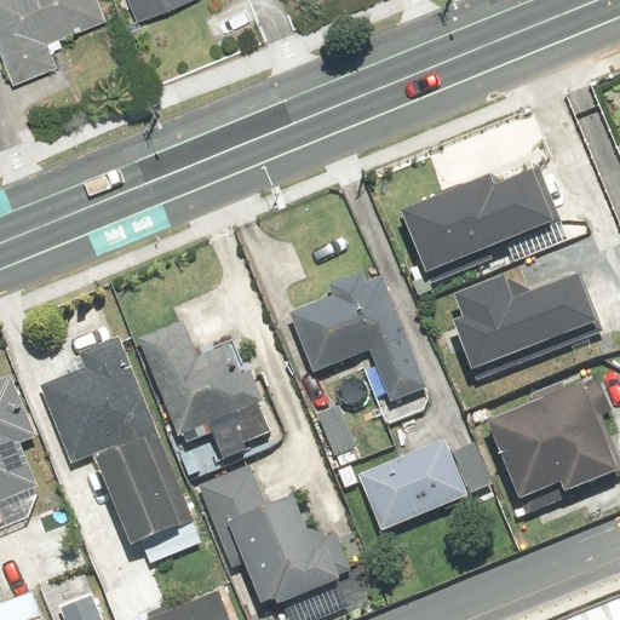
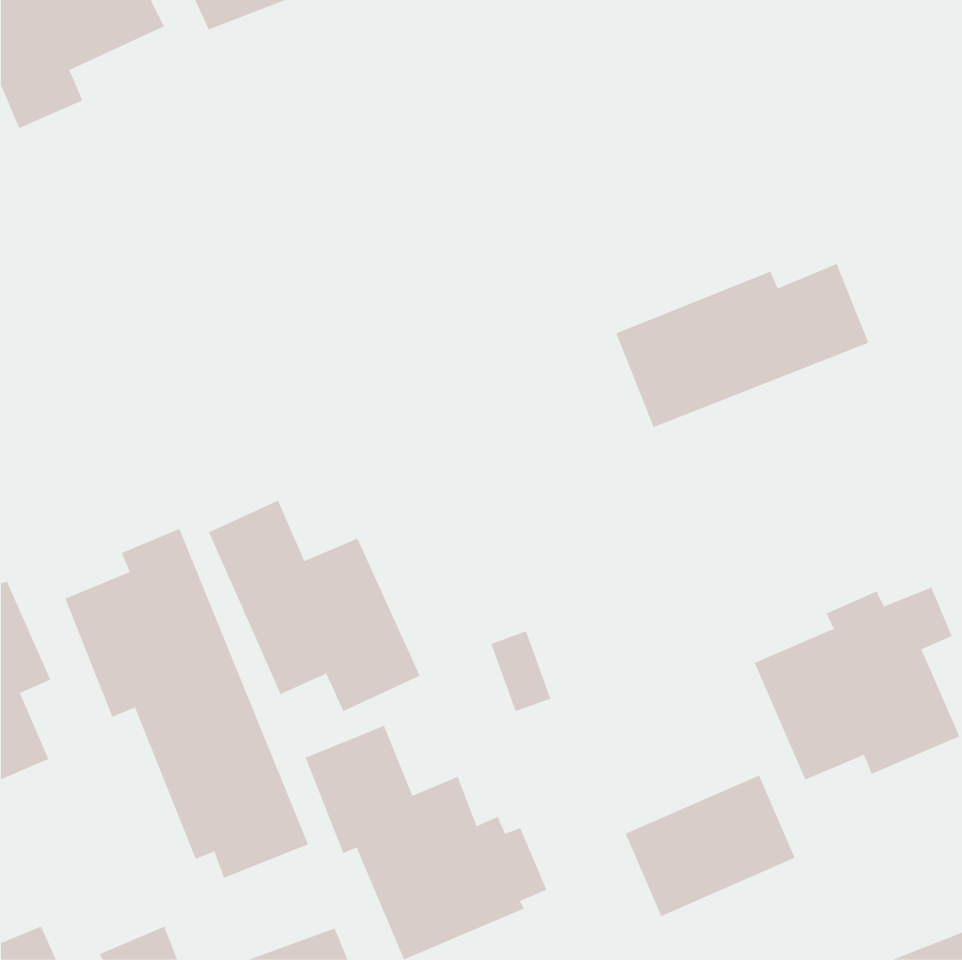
building: [288,270,426,402] -> none
building: [449,276,595,373] -> none
building: [357,440,466,530] -> [625,775,795,917]

